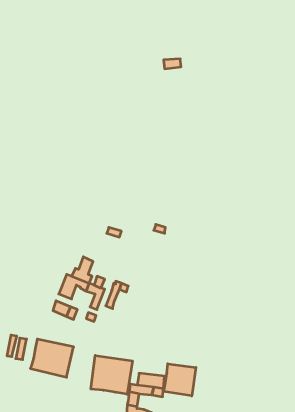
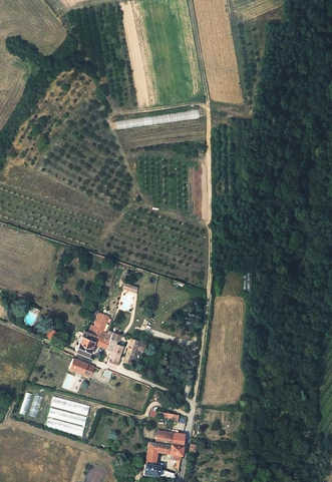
building: [91,355,132,394] -> none
building: [164,364,196,396] -> none

